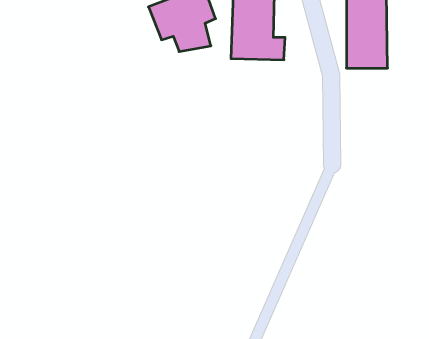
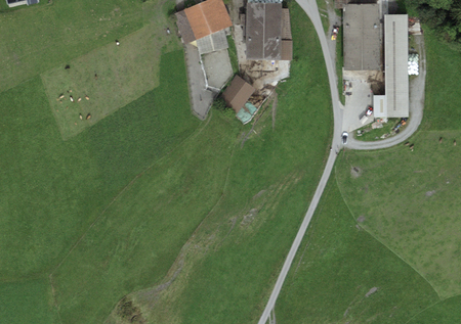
building: none -> [385,13,408,115]
building: none -> [215,76,253,114]

